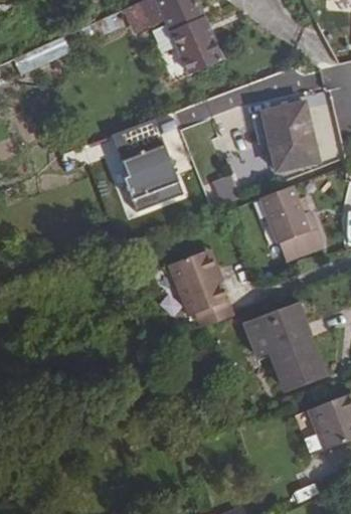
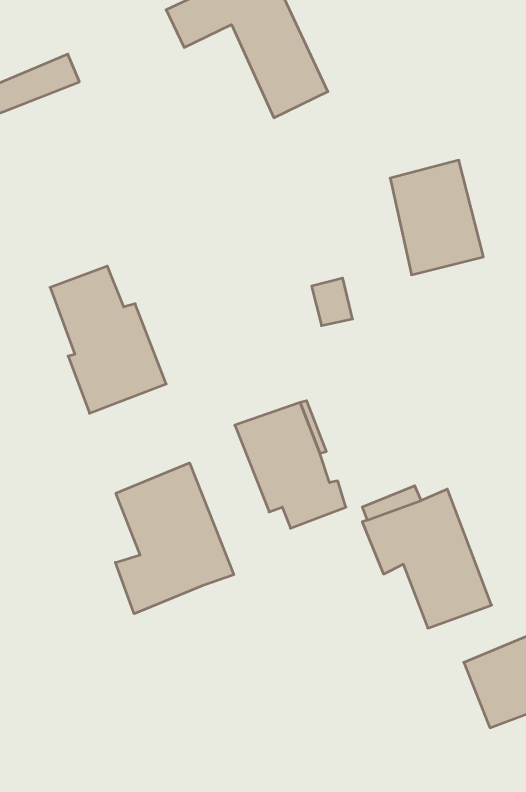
building: [112,123,183,213] -> [50,266,166,413]
building: [259,185,323,260] -> none
building: none -> [115,463,234,614]

